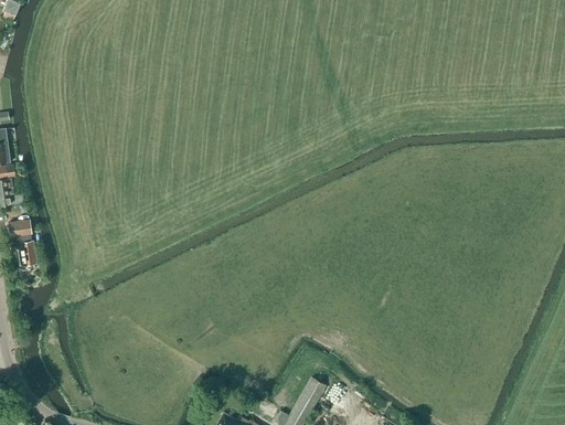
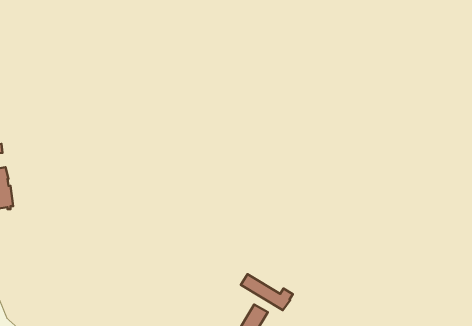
building: none -> [241,274,293,310]

